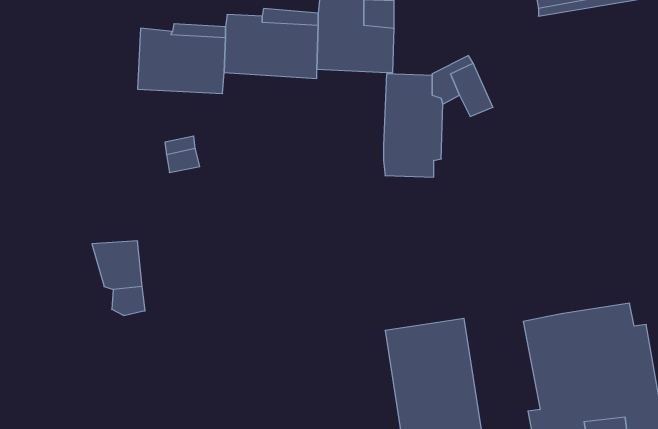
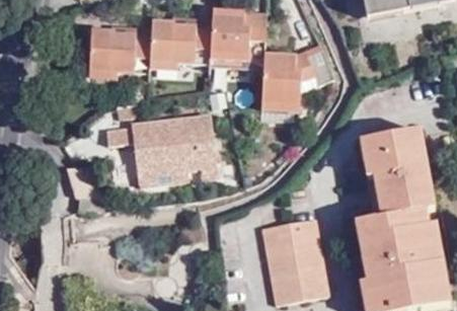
building: none -> [106,114,219,187]
building: none -> [360,128,434,215]

